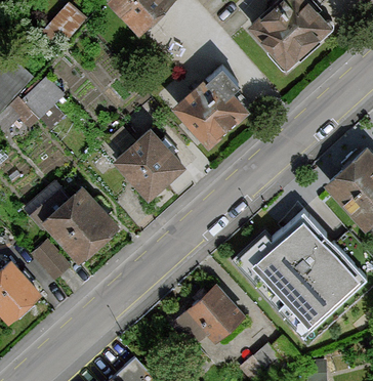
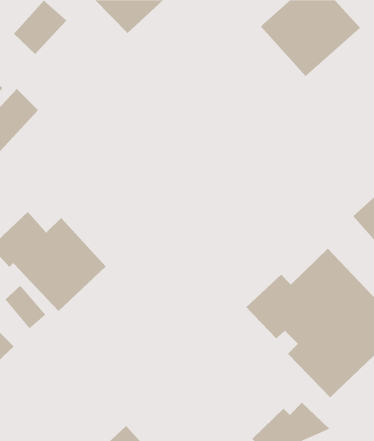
building: [172,67,249,146] -> none
building: [113,128,184,200] -> none
building: [171,284,244,346] -> none

